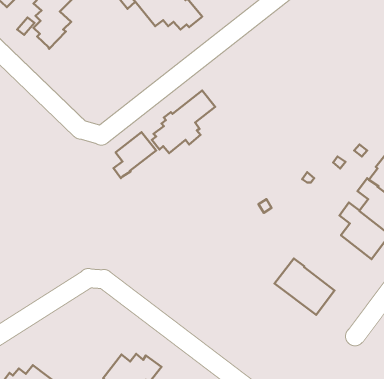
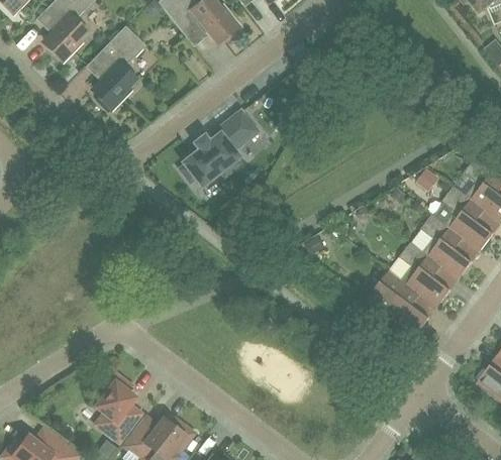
building: none -> [94,26,145,111]
building: [114,132,156,178] -> none
building: [275,258,335,315] -> [368,270,437,336]
building: none -> [95,373,140,441]

